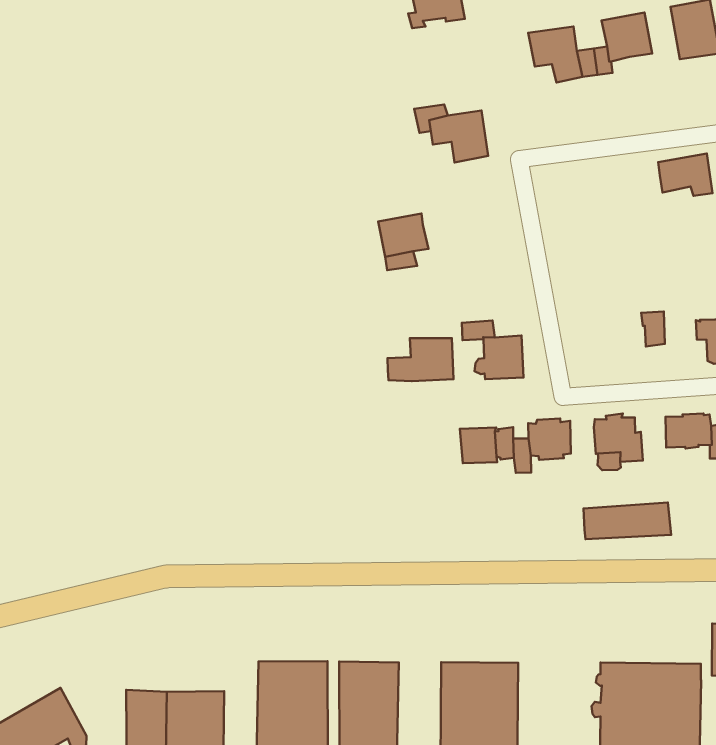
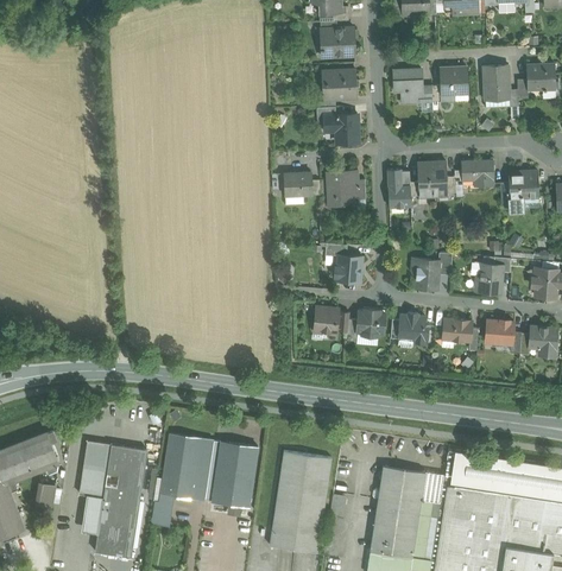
building: none -> [322,70,356,100]
building: none -> [417,161,448,196]
building: none -> [387,171,411,211]
building: none -> [327,171,366,205]
building: none -> [412,259,440,288]
building: [387,338,454,381] -> none
building: [584,502,671,539] -> none

